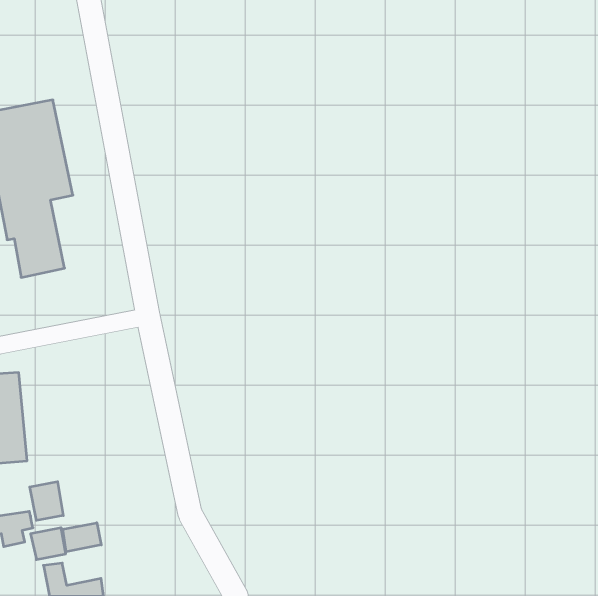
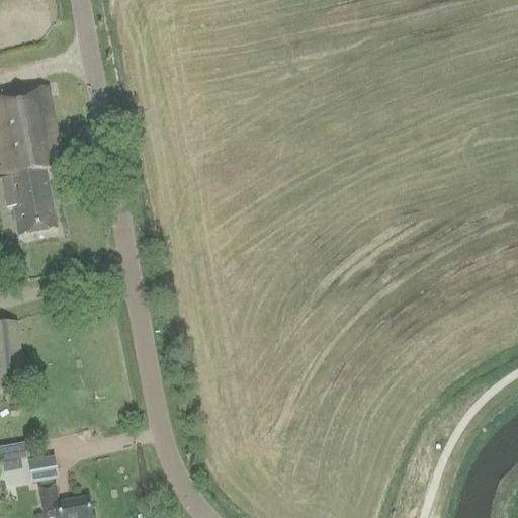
building: [30,482,63,520] -> none
building: [63,523,101,552] -> none

